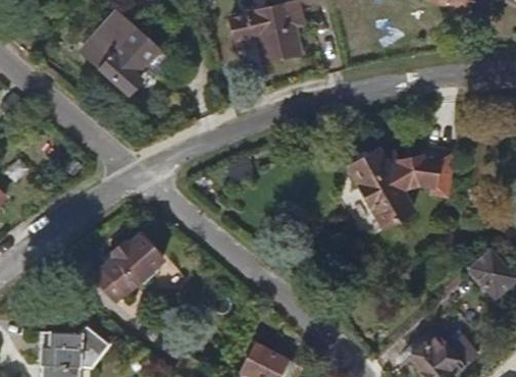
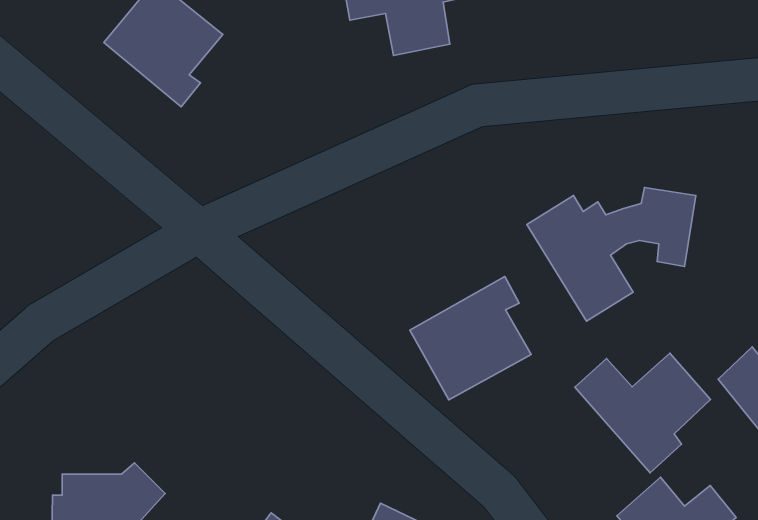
building: none -> [410,277,531,400]
building: [94,232,164,300] -> none
building: none -> [575,353,710,473]

